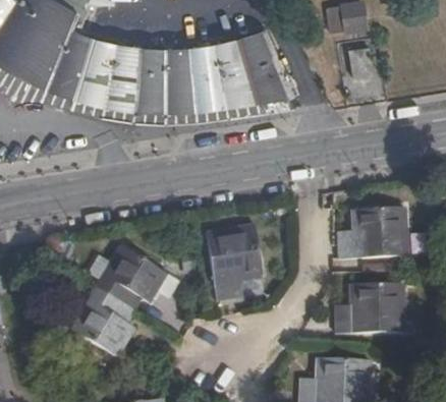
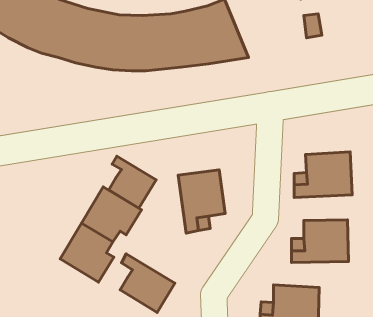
building: none -> [109,156,156,208]
building: none -> [120,254,175,313]

